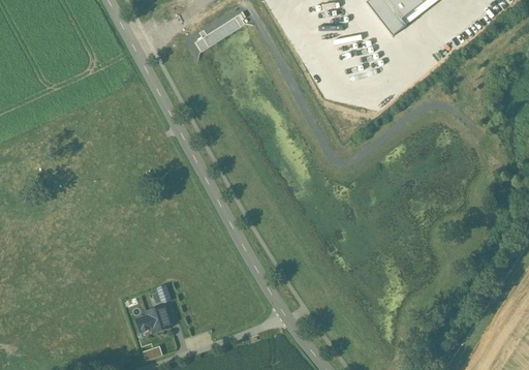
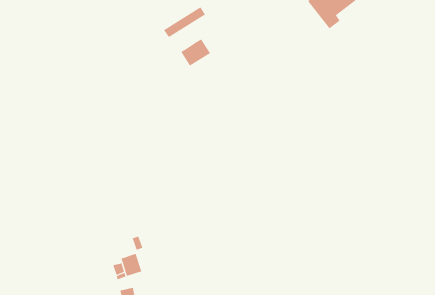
building: none -> [180,38,211,67]

